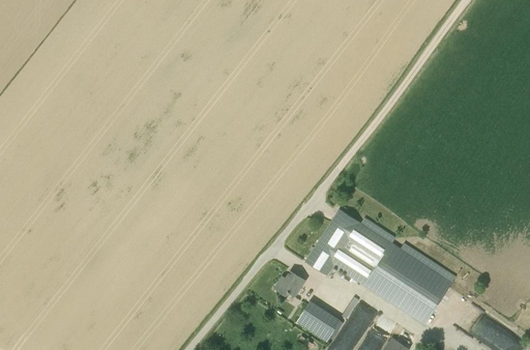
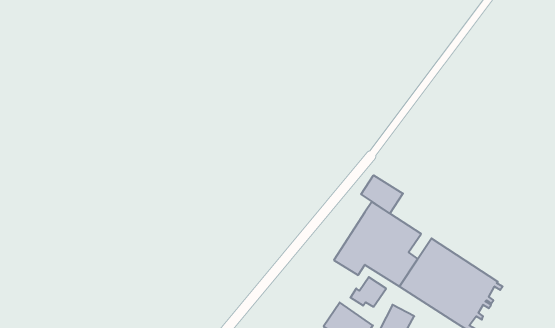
building: none -> [361,175,403,214]
building: [273,269,305,296] -> [350,277,386,307]

